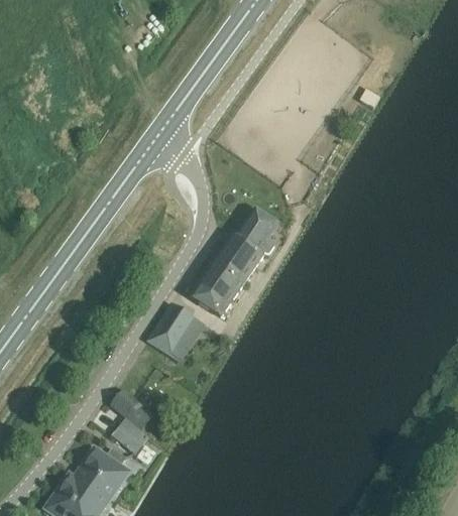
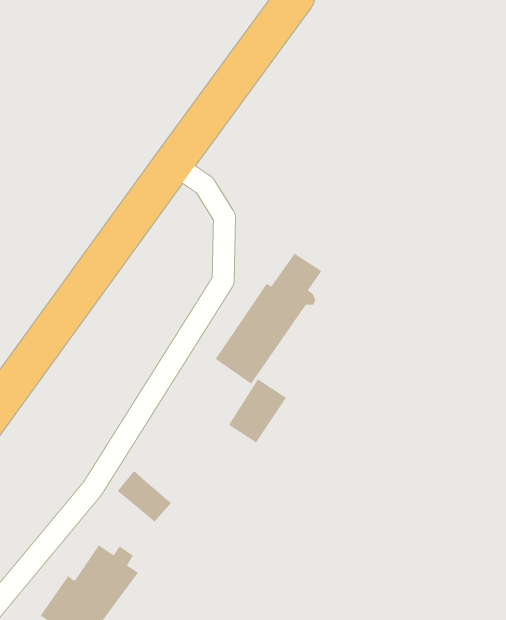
building: [148,303,197,357] -> [228,378,287,443]
building: [113,419,149,455] -> none

